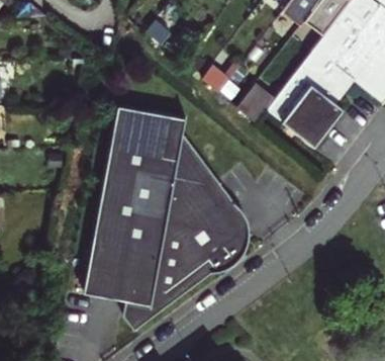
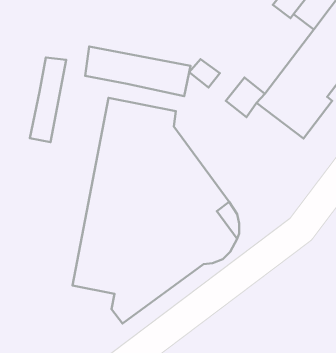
building: none -> [85,47,190,96]
building: none -> [30,58,66,142]

